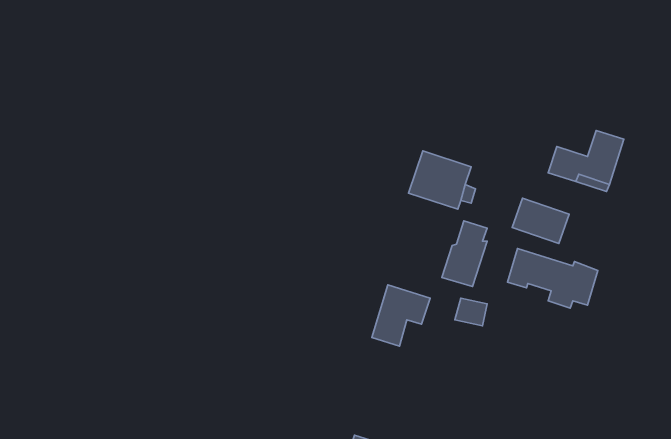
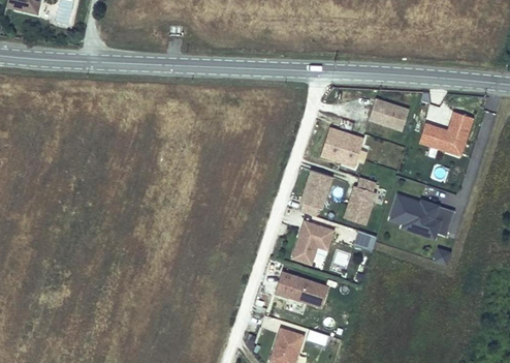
building: [512,198,569,243] -> [369,98,409,130]
building: none -> [300,170,332,216]
building: none -> [276,271,330,308]

